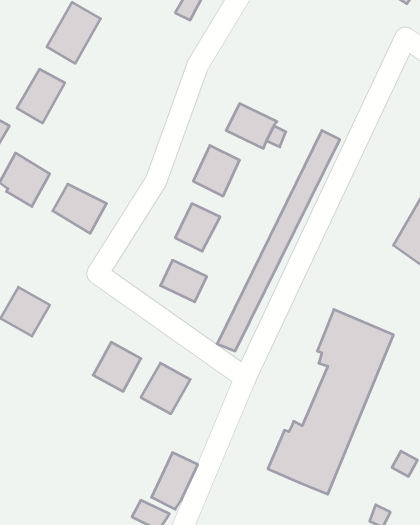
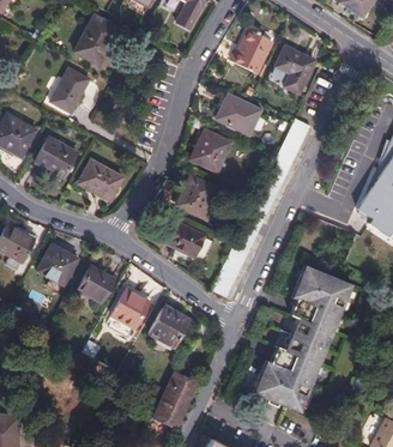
building: none -> [232,34,270,71]
building: none -> [274,47,313,92]
building: none -> [78,266,114,302]

